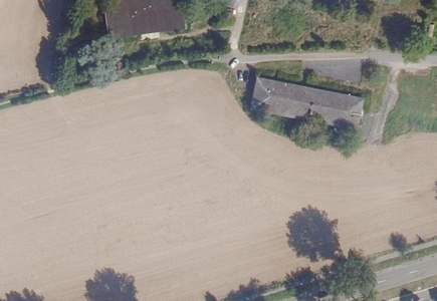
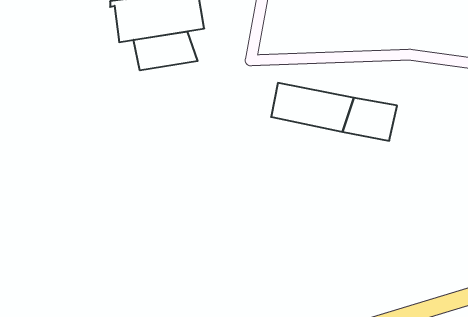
building: none -> [134,32,198,70]

